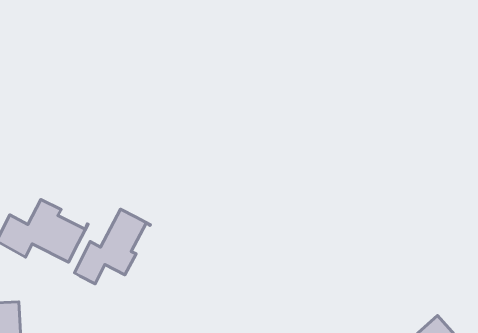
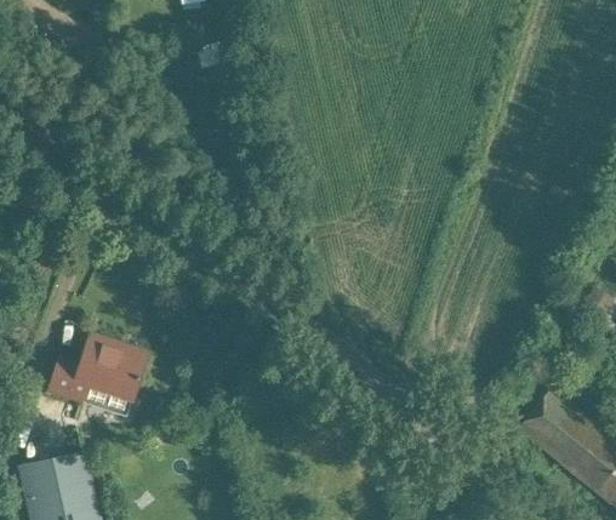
building: [75,209,151,284] -> none

